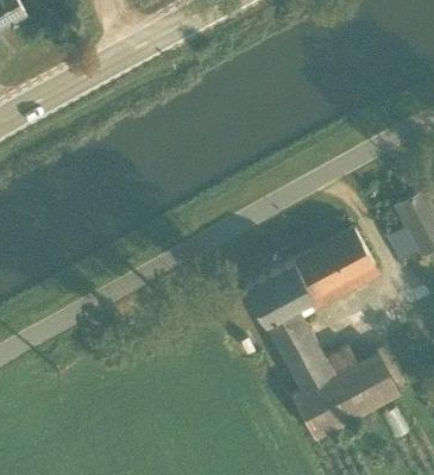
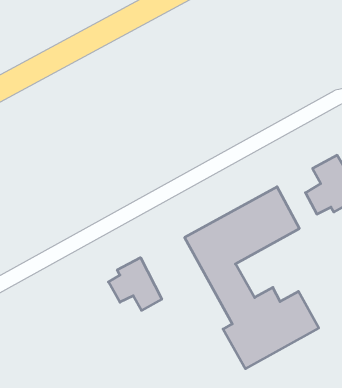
building: none -> [108,258,162,310]

